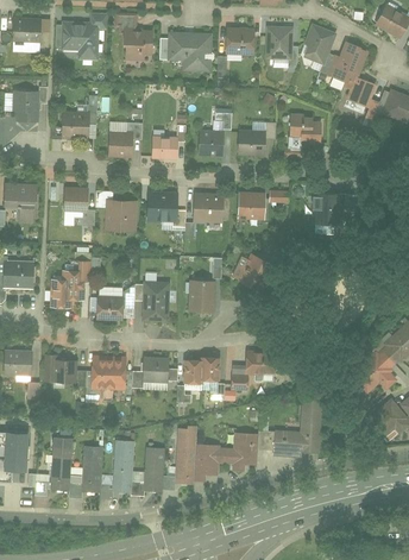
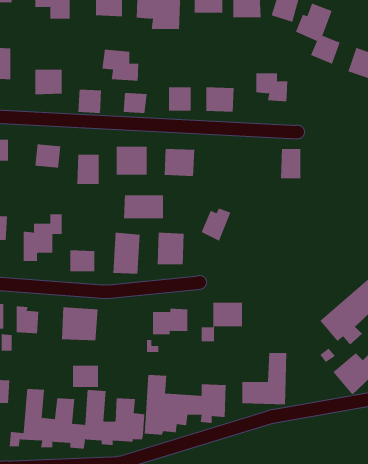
building: none -> [102,49,139,81]
building: [239,189,289,219] -> none
building: none -> [123,195,164,219]
building: [141,357,169,379] -> [72,365,99,387]

